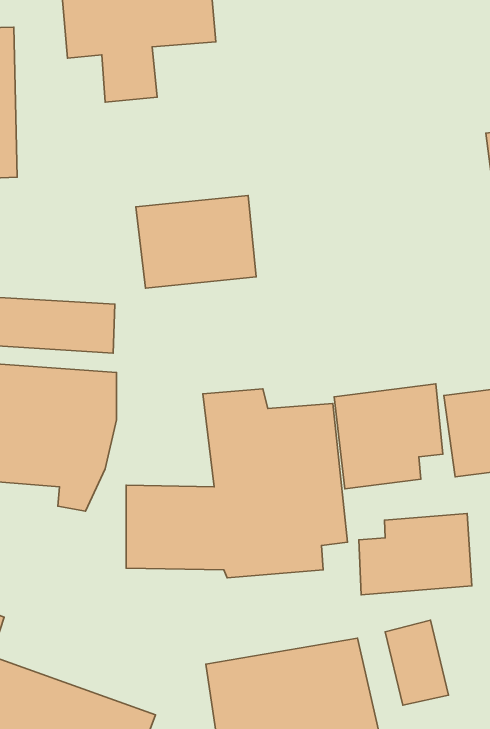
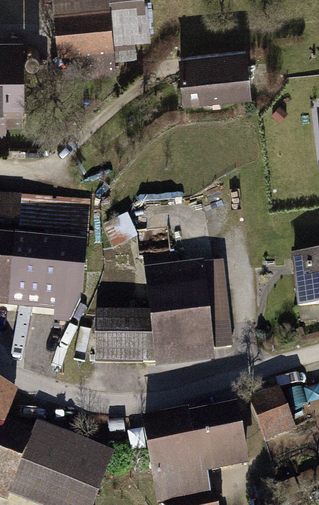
building: [136,195,256,288] -> [177,45,251,102]
building: [334,384,443,489] -> none
building: [359,514,472,595] -> none

